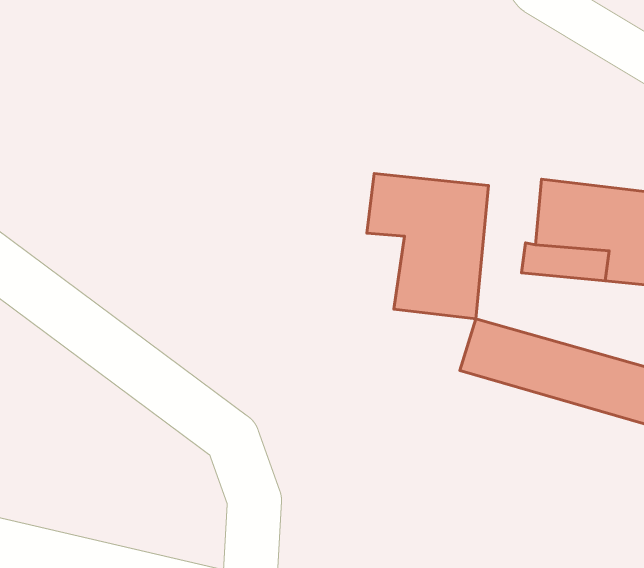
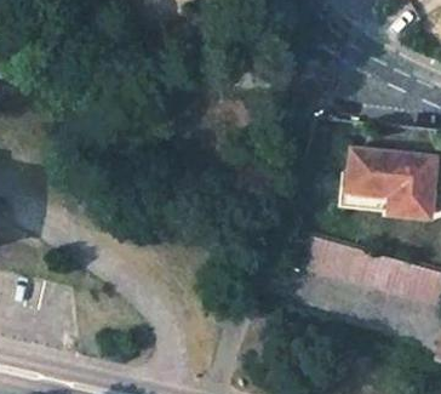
building: [367,174,488,319] -> none

